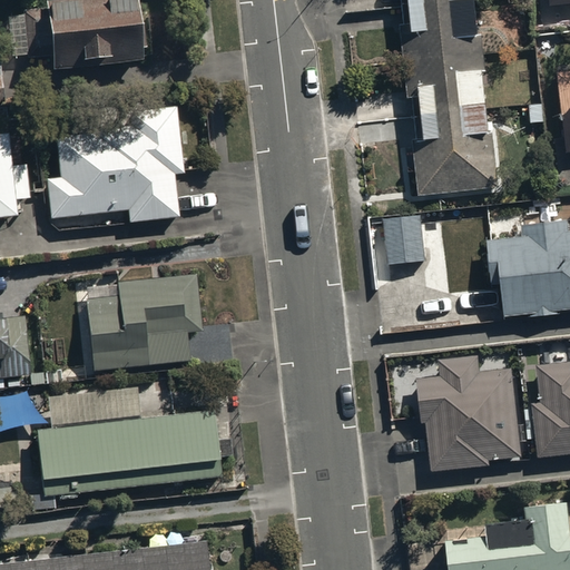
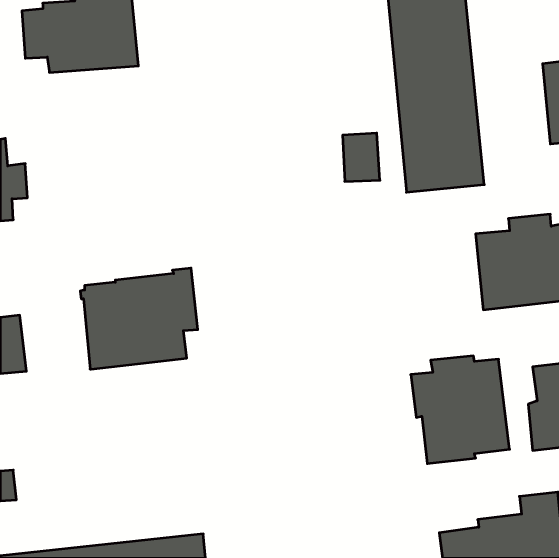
building: [47,108,185,225] -> none
building: [384,213,422,262] -> [343,133,380,181]
building: [37,391,223,498] -> none

